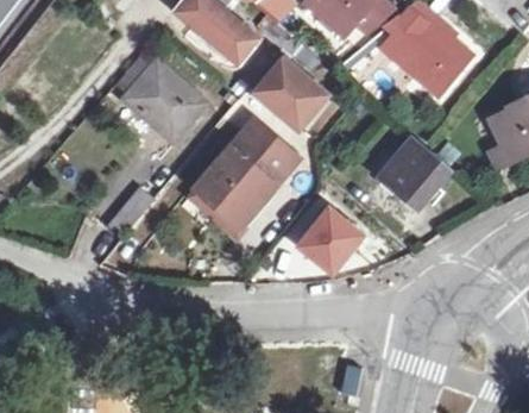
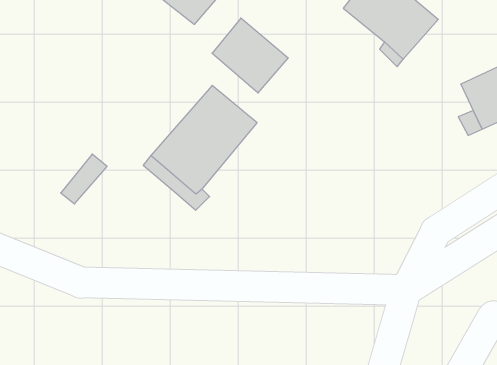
building: [124,54,206,133] -> none
building: [369,139,451,211] -> none
building: [300,207,364,273] -> none

